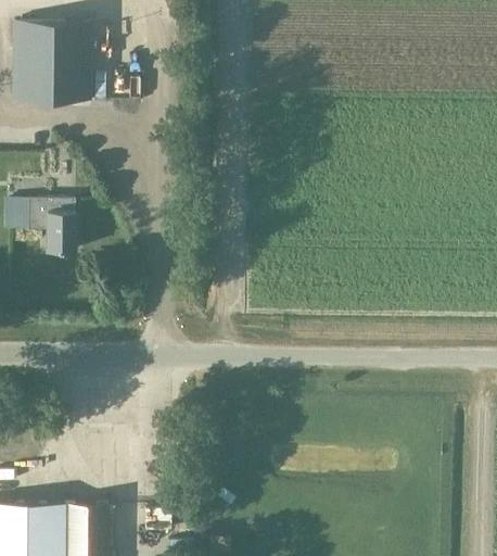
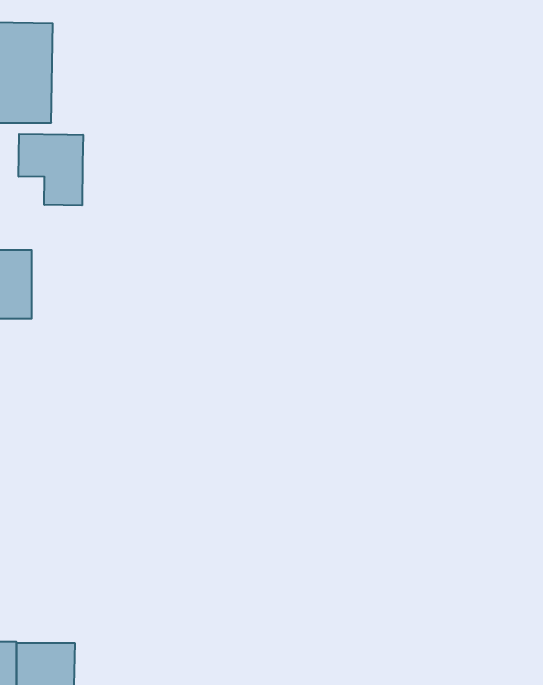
building: none -> [19,134,83,205]

